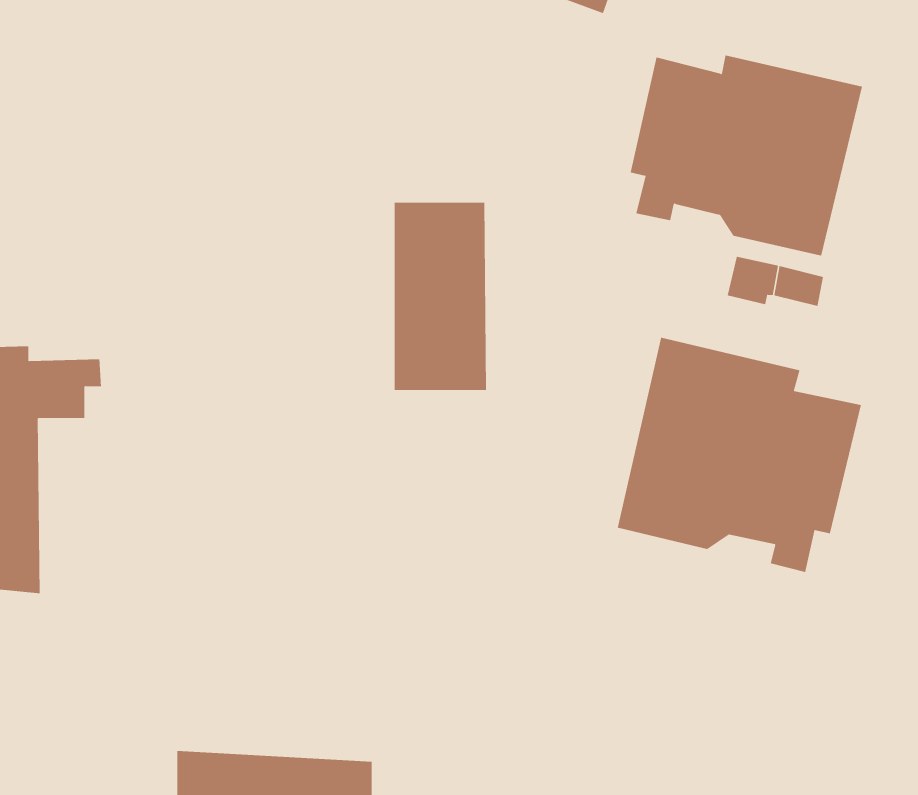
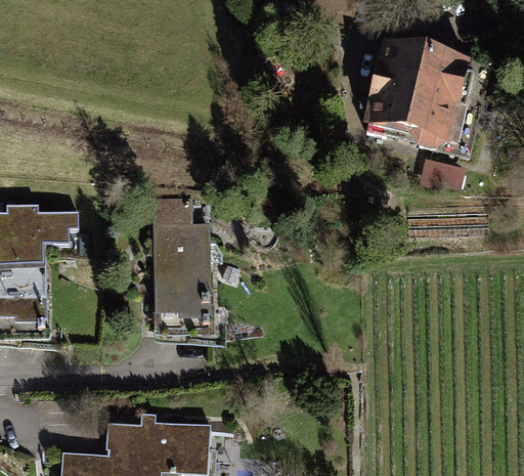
building: [394,202,487,391] -> [162,219,213,322]
building: [617,337,861,573] -> none

